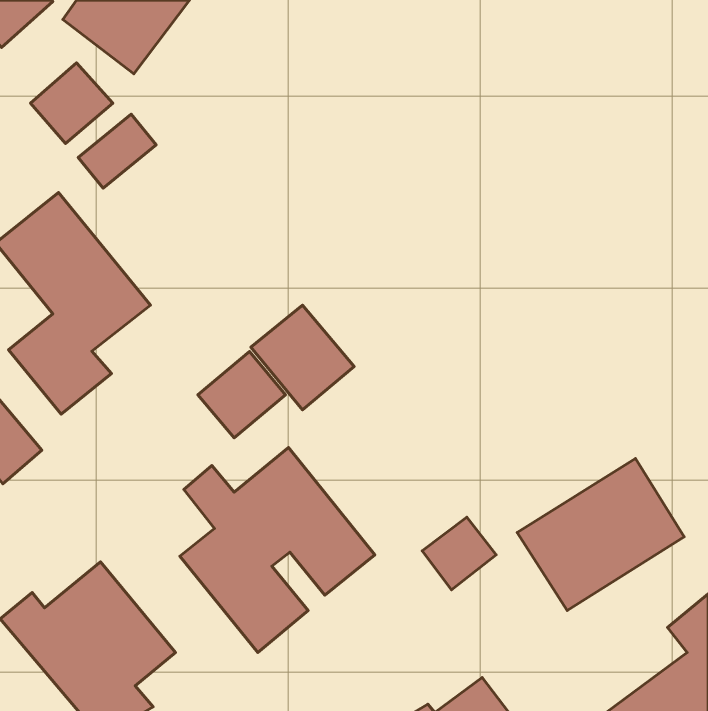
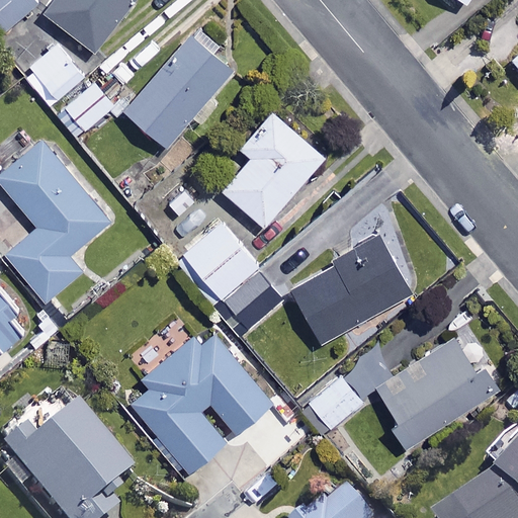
building: none -> [123,28,233,149]
building: none -> [222,112,324,228]
building: none -> [290,238,411,343]
building: [198,352,286,438] -> [220,267,283,330]

